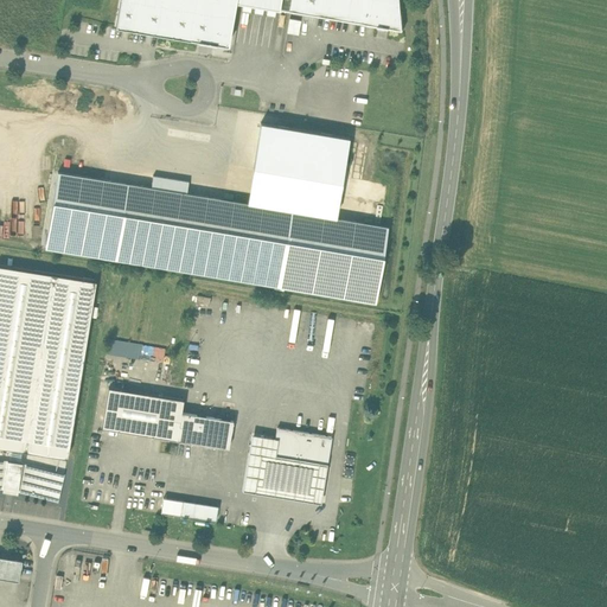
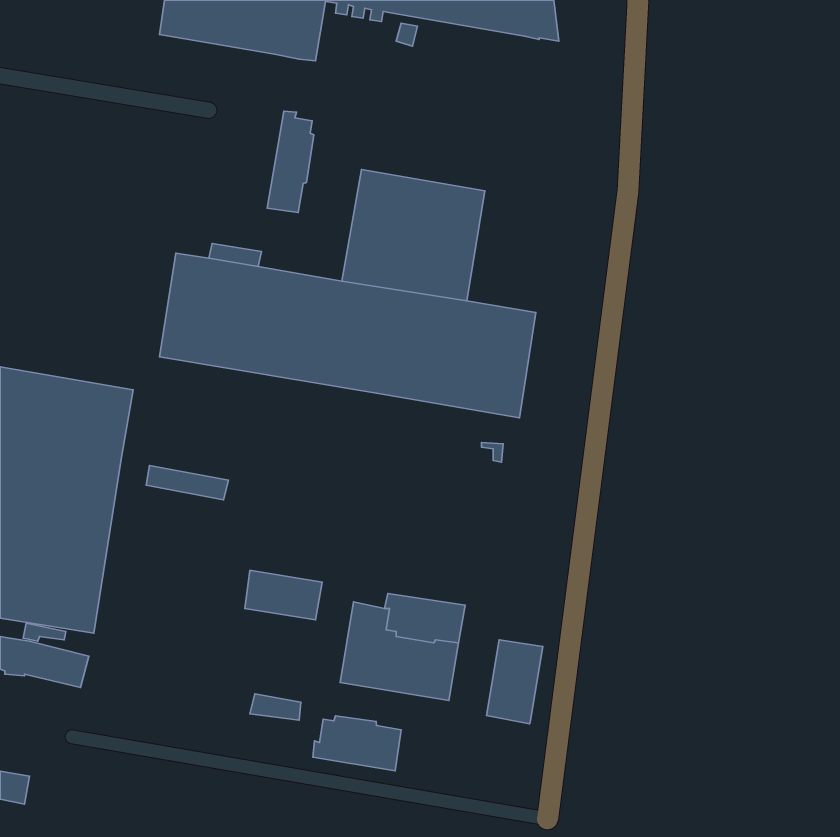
building: none -> [267,111,314,212]
building: [45,173,127,260] -> none
building: [102,389,183,441] -> none
building: none -> [487,640,543,724]
building: none -> [313,716,401,771]

